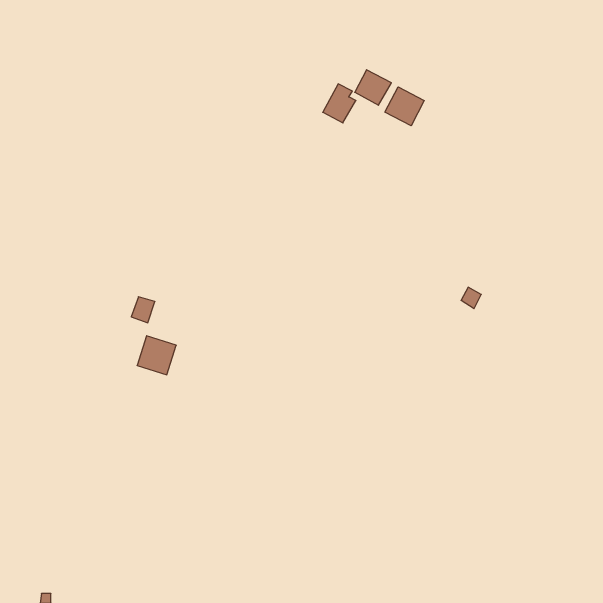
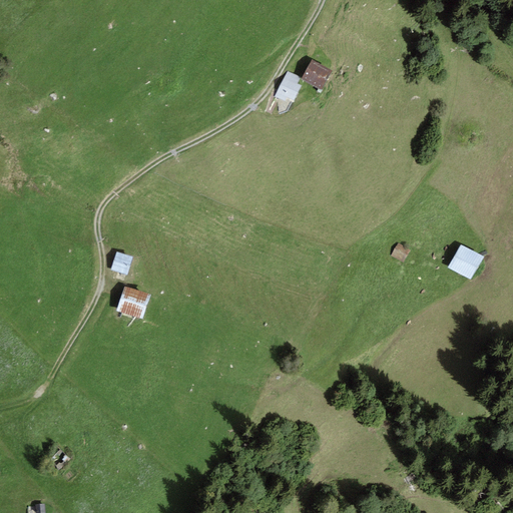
building: [385,87,424,126] -> none
building: none -> [448,244,483,279]

